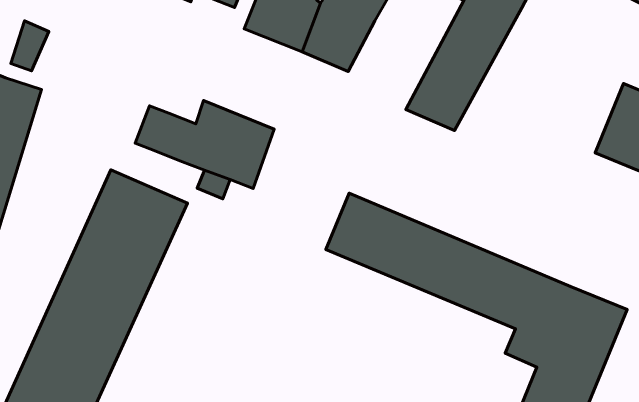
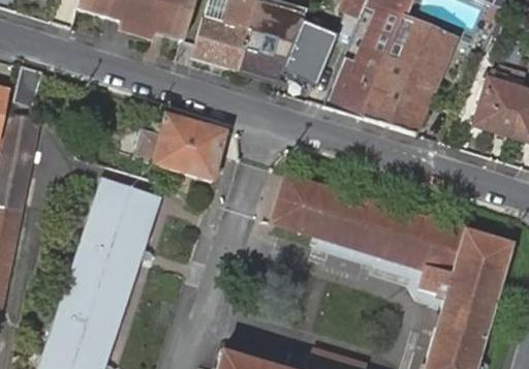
building: none -> [282,28,338,90]
building: none -> [364,18,456,133]

